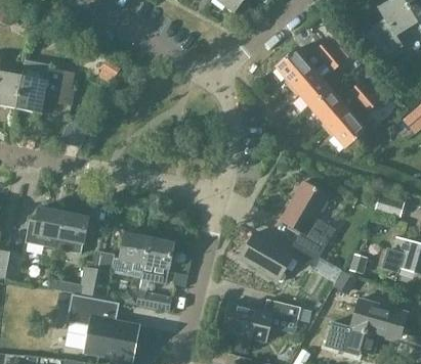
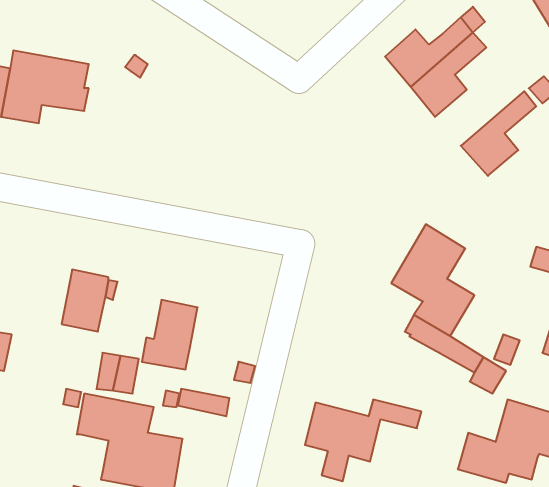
building: [309,81,370,127] -> none
building: [25,207,64,247] -> none
building: [239,231,293,279] -> none
building: [140,236,173,283] -> none

